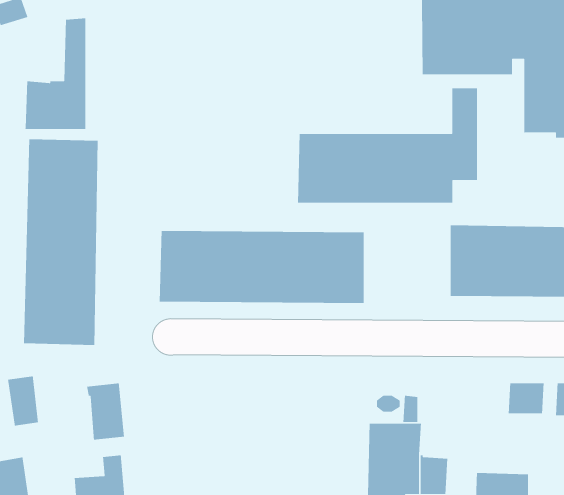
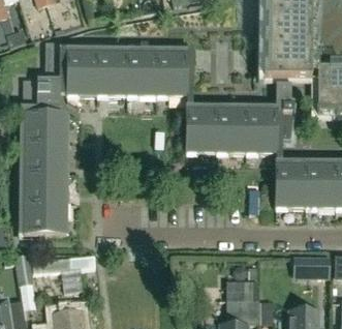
building: [159,230,364,304] -> [66,52,187,95]

